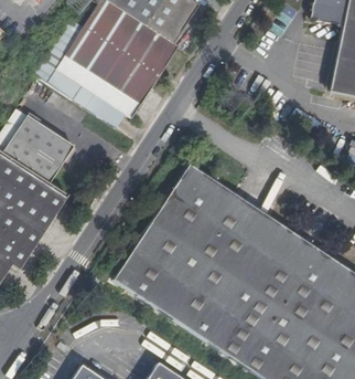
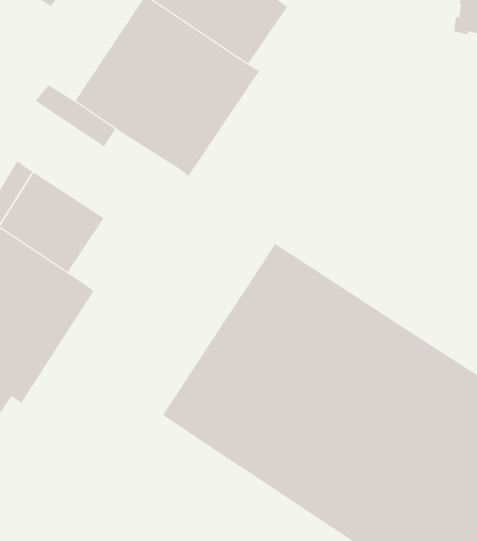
building: [75,87,126,128] -> none

